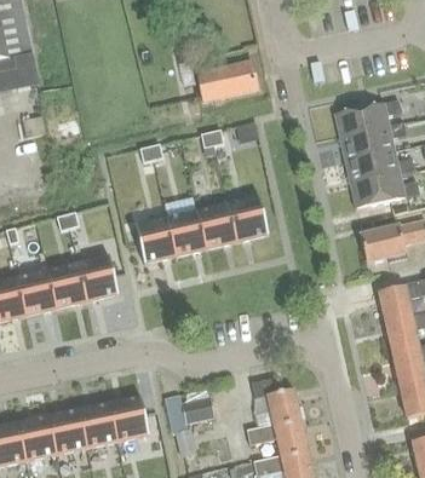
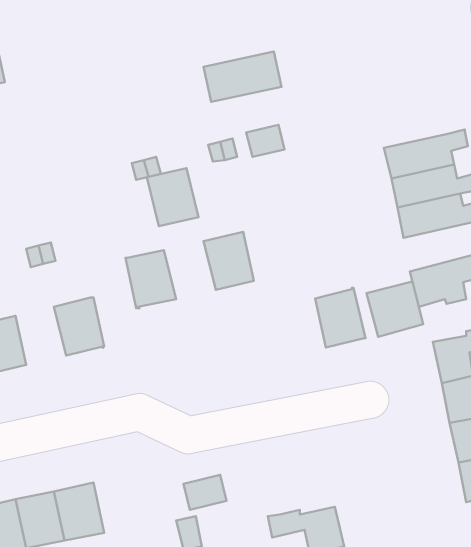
building: [334,99,401,136] -> none
building: [228,194,268,241] -> [315,288,366,347]
building: [165,209,206,255] -> [147,168,199,226]
building: none -> [367,282,423,337]
building: [47,261,87,307] -> none
building: [251,376,300,426] -> none
building: [109,395,149,440] -> none

